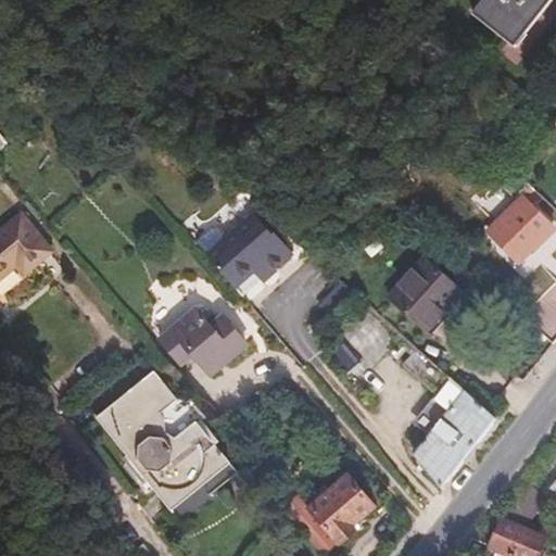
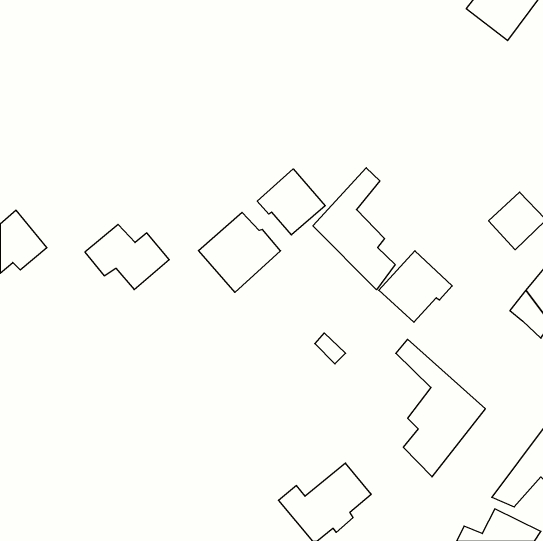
building: none -> [313,168,395,290]
building: none -> [257,169,325,235]
building: [159,309,244,376] -> [85,224,169,290]
building: [96,369,239,520] -> none

